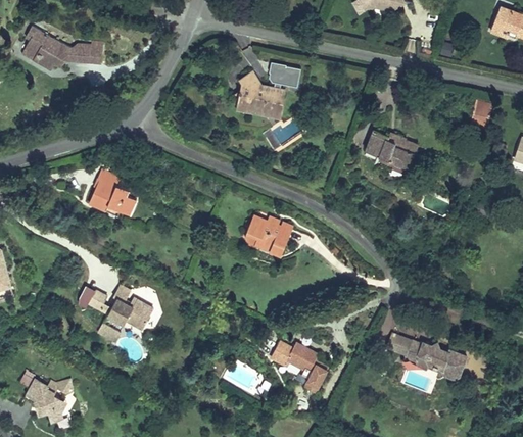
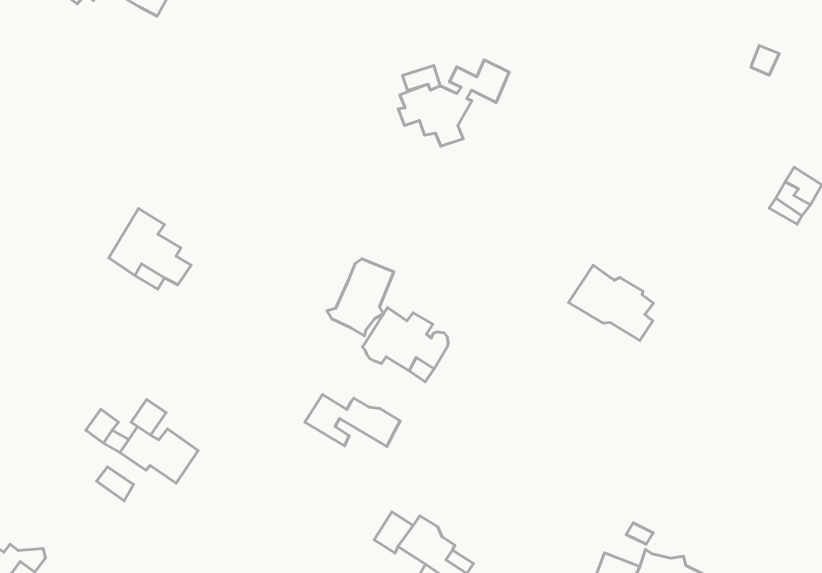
building: [364,129,414,168] -> [569,265,654,340]
building: none -> [327,259,394,336]
building: none -> [305,395,400,447]

